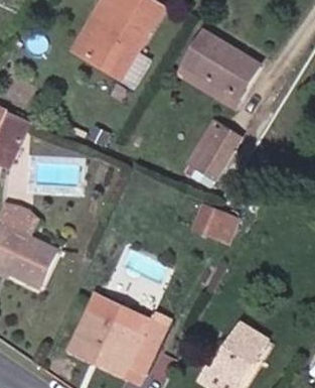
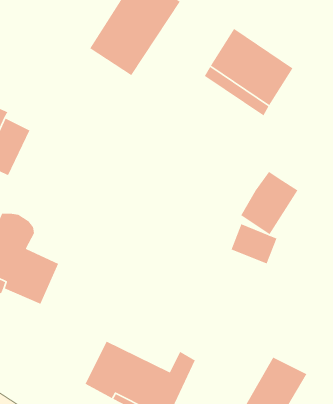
building: [185,127,237,183] -> [240,171,299,235]
building: [95,292,159,338] -> none

